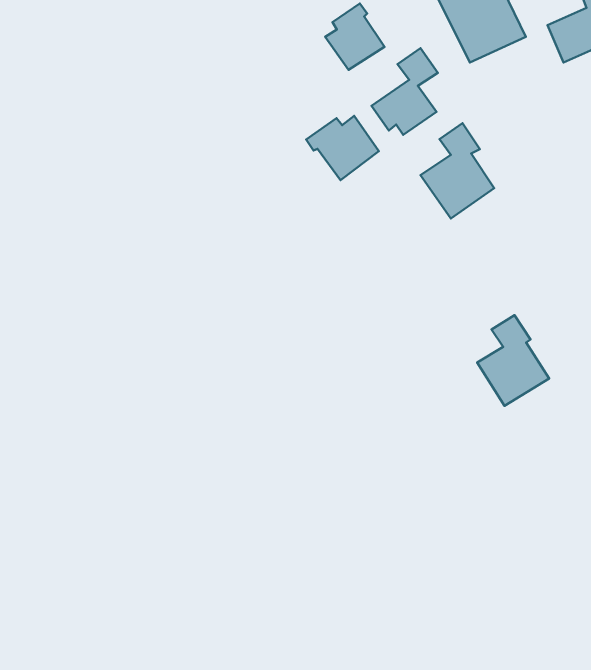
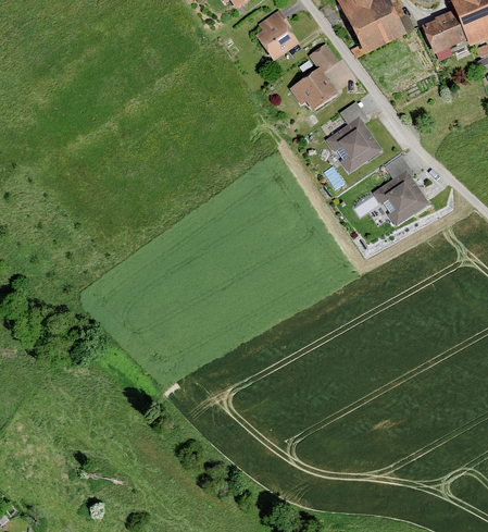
building: [306,116,379,180] -> none
building: [477,315,549,406] -> [375,156,429,224]

